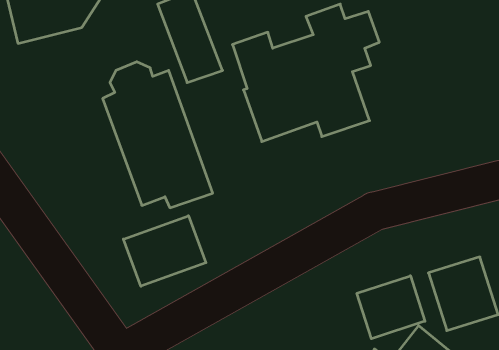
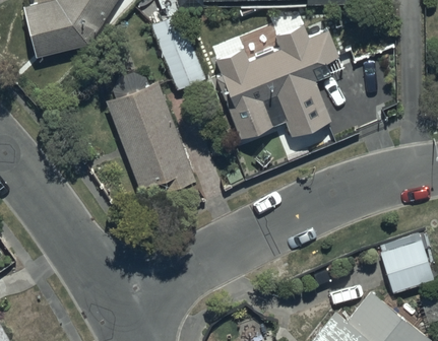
building: [123,216,206,286] -> none
building: [357,276,425,339] -> none

